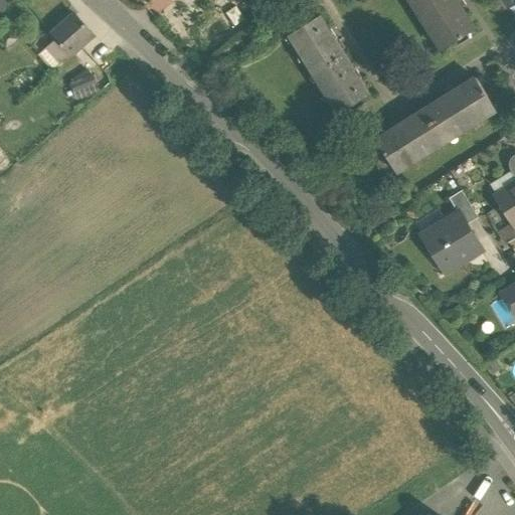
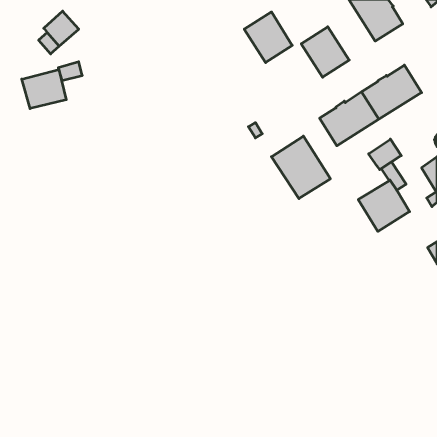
building: [312,53,368,113] -> [301,27,349,77]
building: none -> [22,70,66,109]
building: none -> [271,136,330,199]
building: none -> [369,139,401,170]

